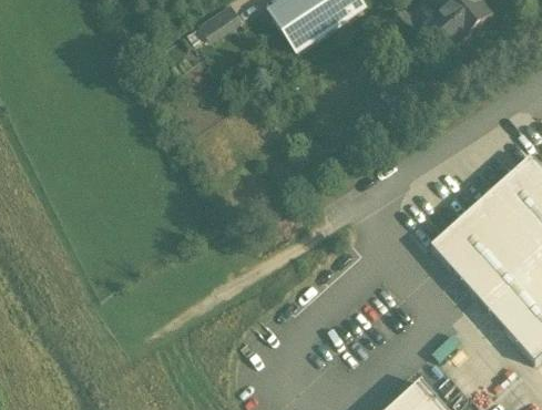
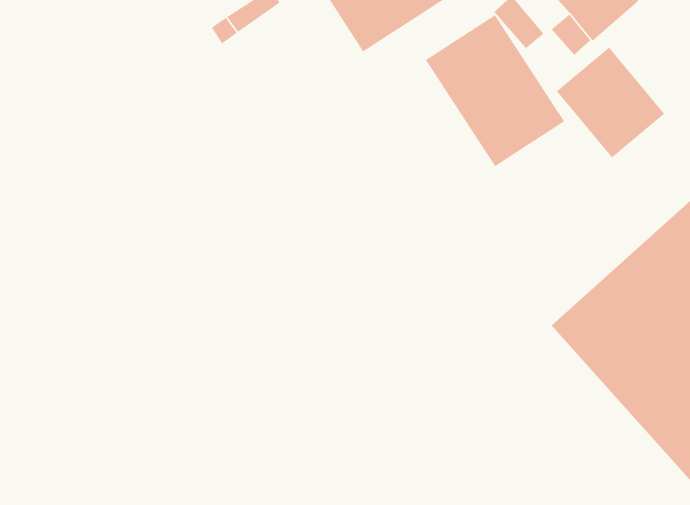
building: none -> [425,14,565,167]
building: none -> [556,47,665,159]

